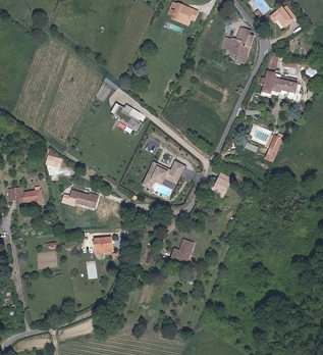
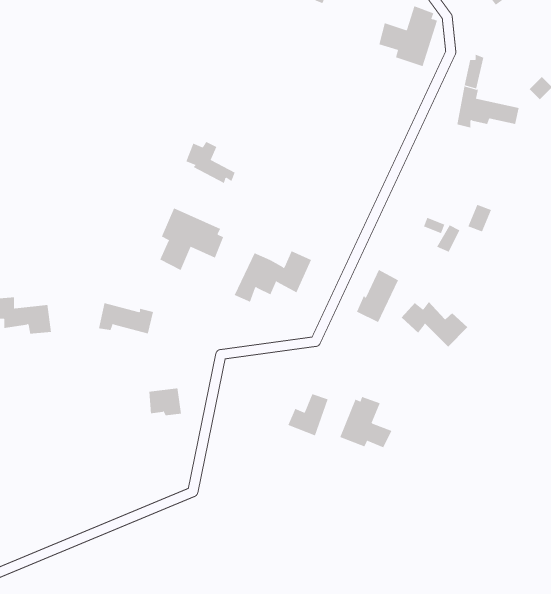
building: none -> [159,208,224,271]
building: none -> [401,301,468,348]
building: none -> [340,396,392,448]

